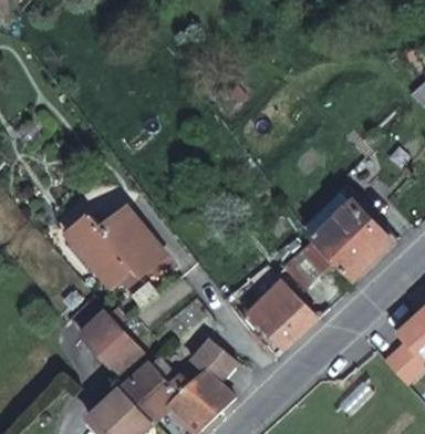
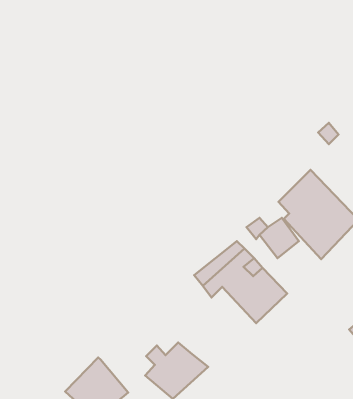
building: [69,214,164,289] -> none
building: [87,314,144,373] -> none
building: [193,339,237,382] -> none
building: [124,362,180,422] -> none

